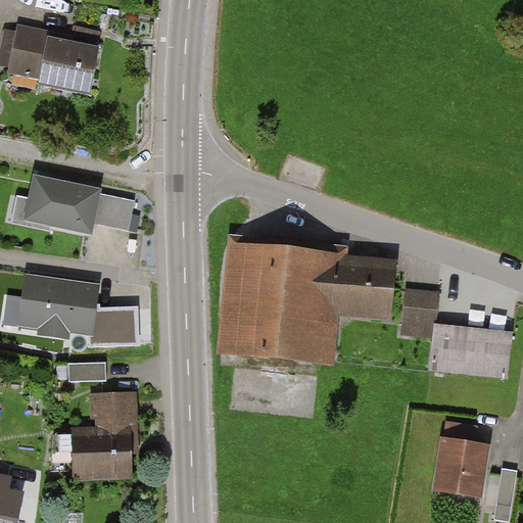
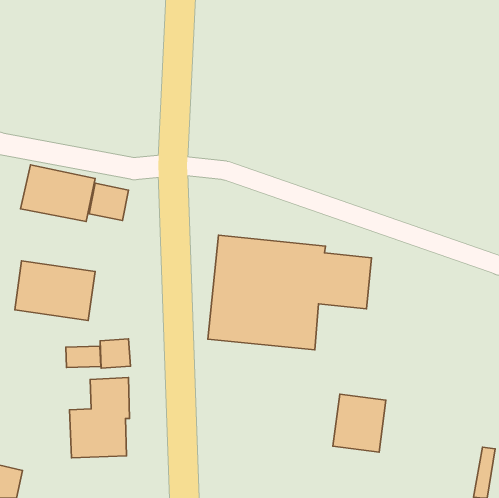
building: [7,26,100,98] -> none
building: [401,289,509,377] -> none
building: [101,311,133,341] -> [100,339,130,368]
building: [433,434,488,494] -> [333,394,386,452]

